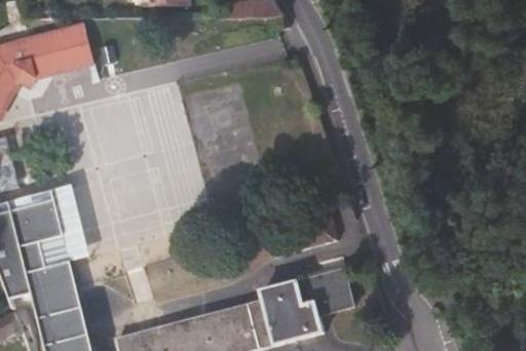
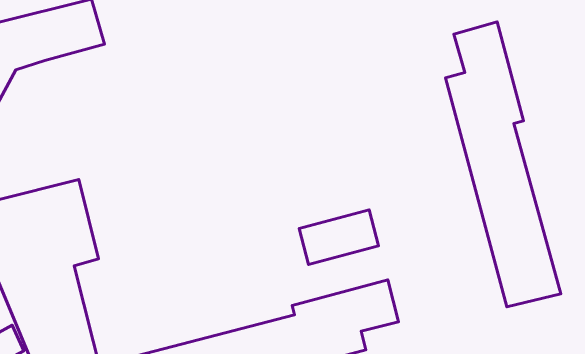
building: none -> [446,22,561,307]

